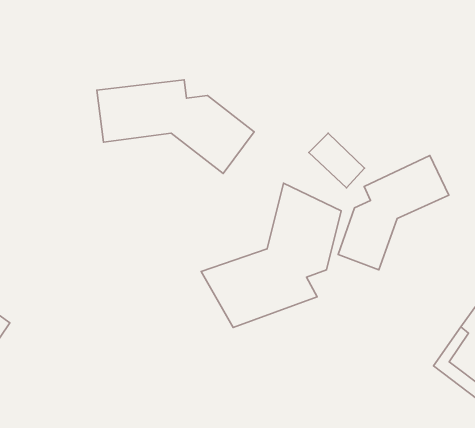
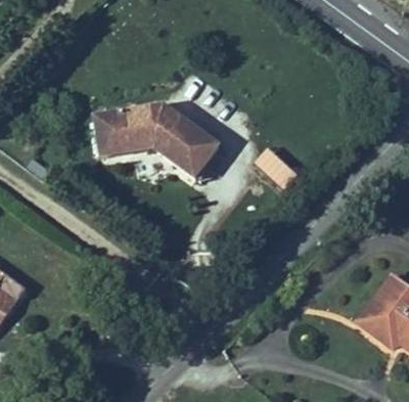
building: [338,155,449,270] -> none
building: [201,183,341,327] -> none

